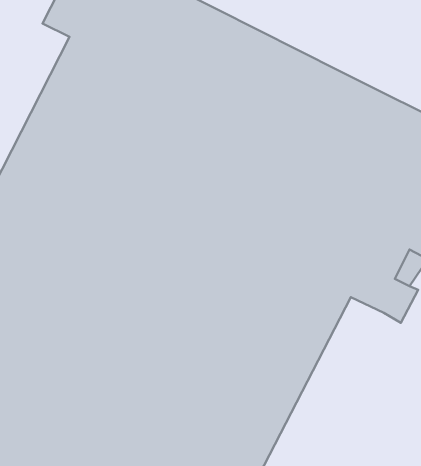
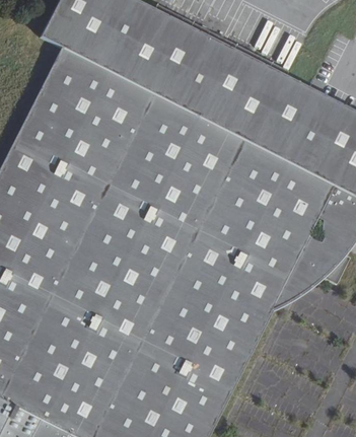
building: none -> [271,264,323,311]

